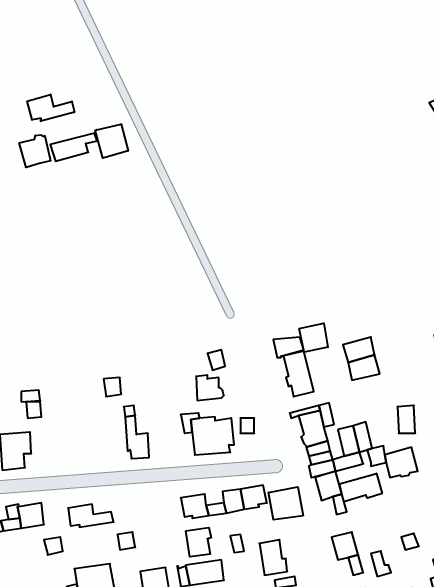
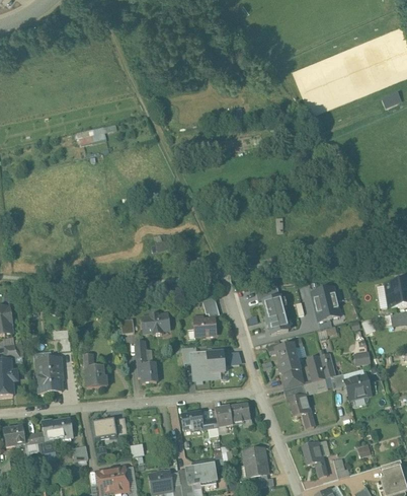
building: [27,94,74,121] -> none
building: [95,124,128,158] -> none
building: [19,135,51,167] -> none
building: [299,323,328,352] -> none
building: none -> [141,312,169,334]
building: none -> [84,352,106,387]
building: [339,473,382,502] -> none
building: [269,487,303,520] -> none
building: [186,528,211,557] -> none

